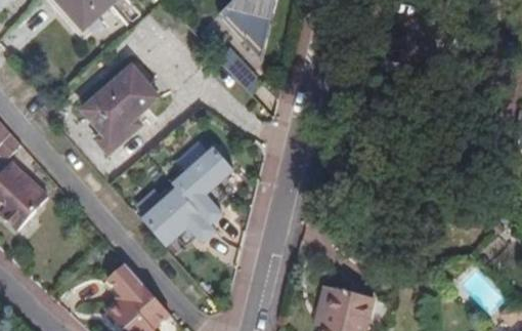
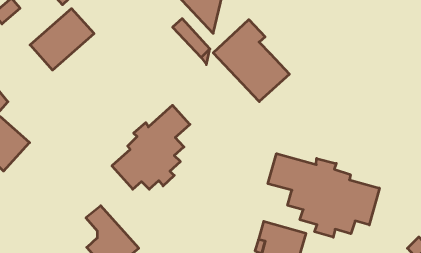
building: none -> [213,20,289,102]
building: [83,68,159,140] -> [30,9,94,70]
building: none -> [268,154,379,237]

